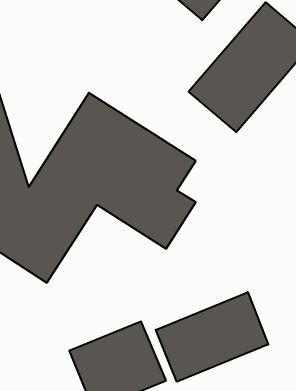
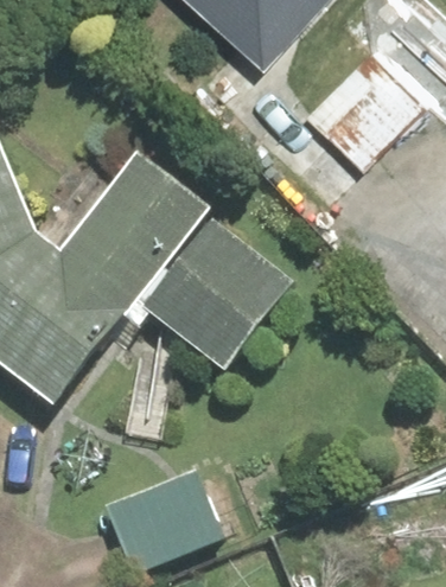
building: [156,292,268,382] -> none

